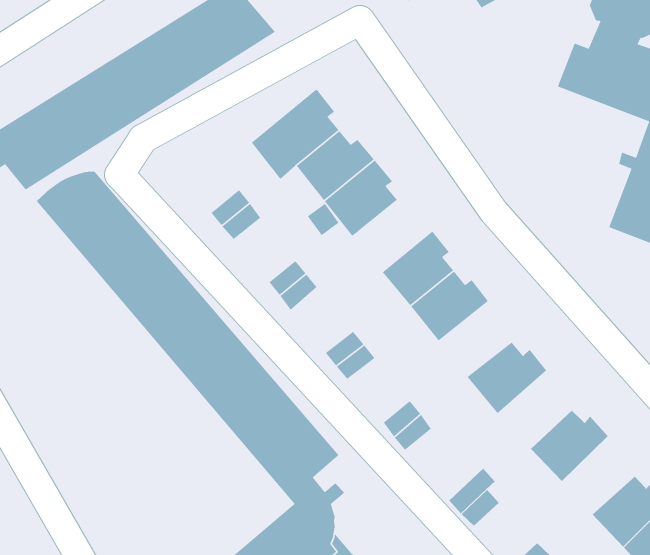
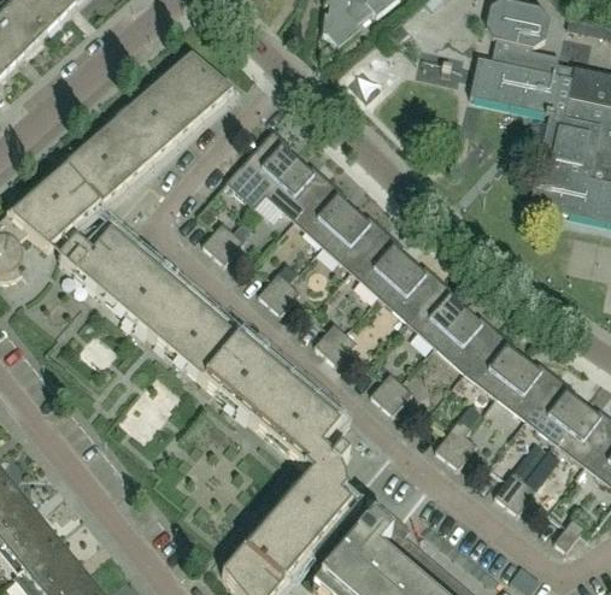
building: none -> [321,210,386,271]
building: none -> [405,281,465,346]
building: none -> [463,330,523,396]
building: none -> [524,376,583,442]

